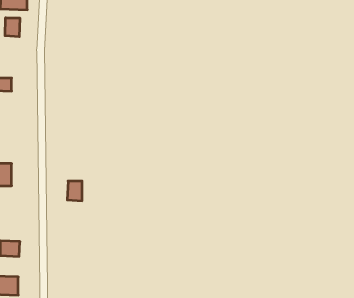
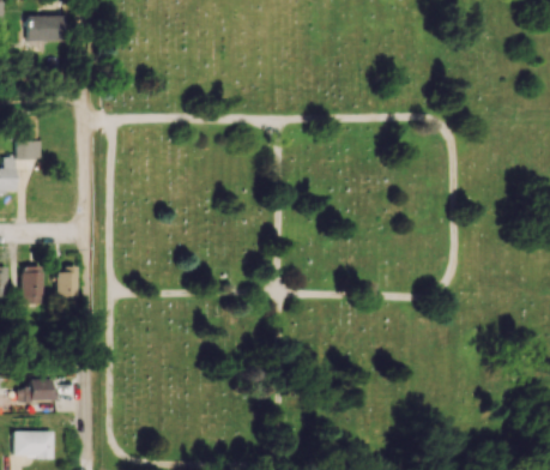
building: [5,18,20,37] -> none
building: [67,181,82,201] -> [56,269,78,297]

